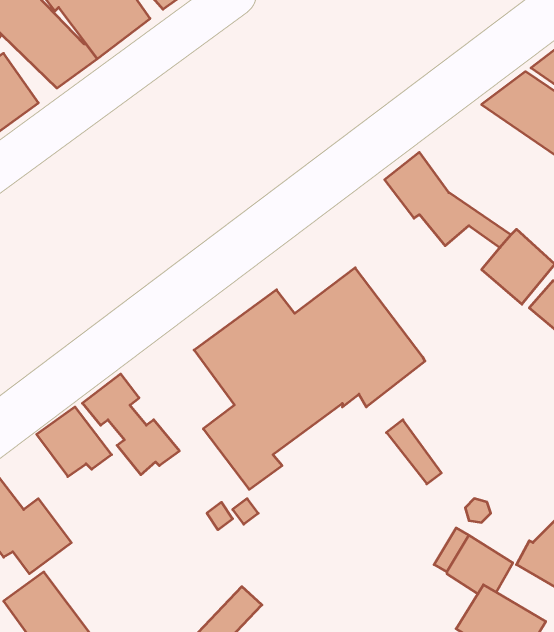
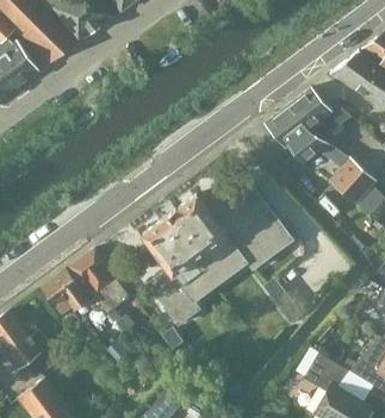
building: none -> [287,88,352,135]

